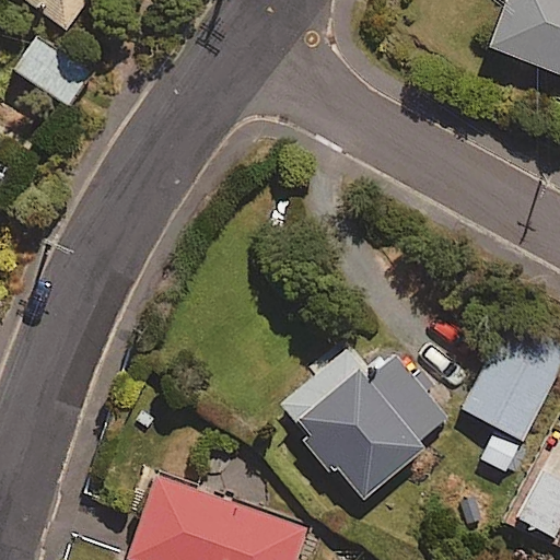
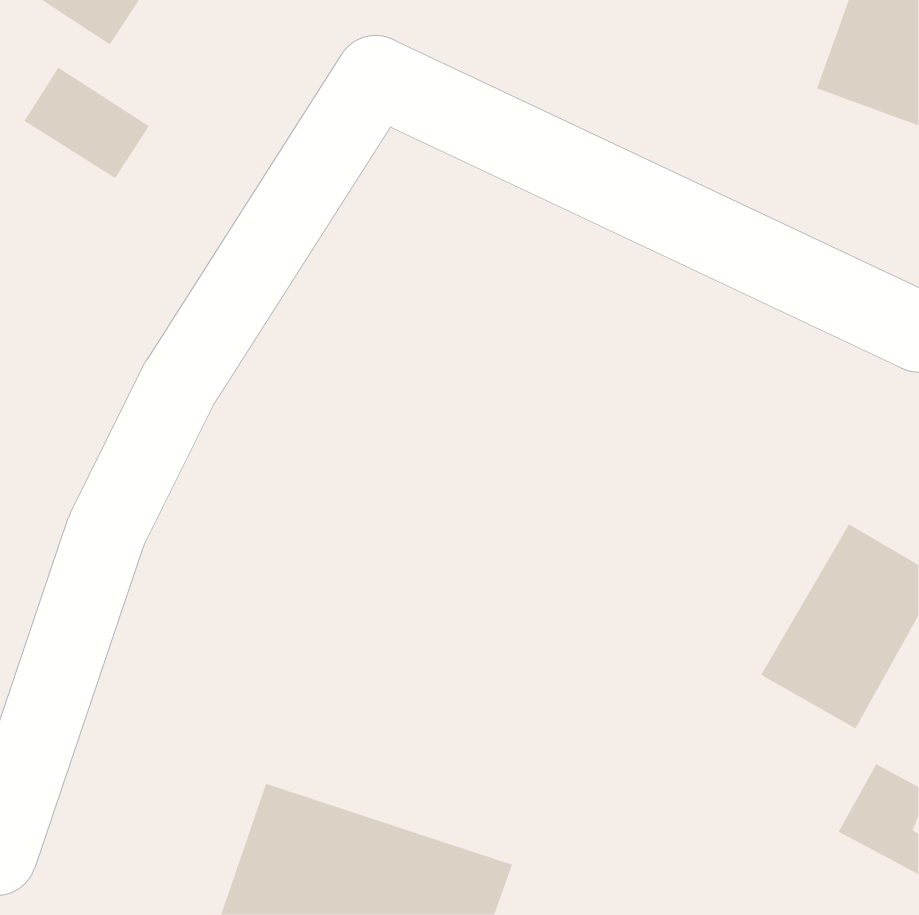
building: [281,352,448,506] -> none

